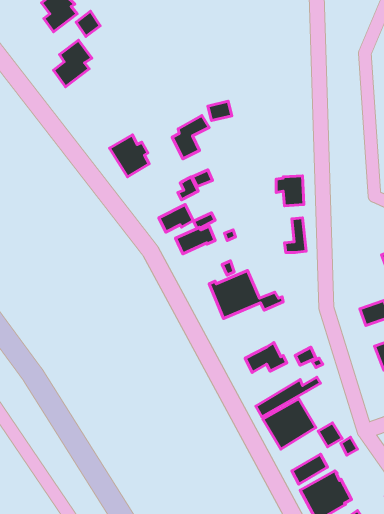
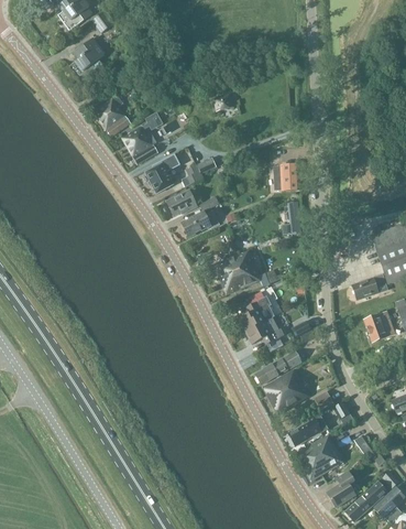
building: none -> [94,95,131,137]
building: [172,116,209,159] -> [147,153,182,193]
building: none -> [240,296,275,331]

